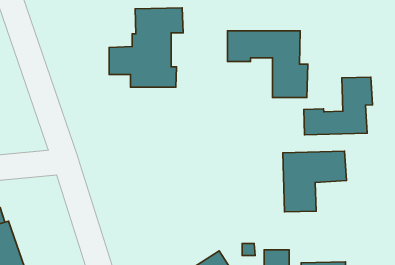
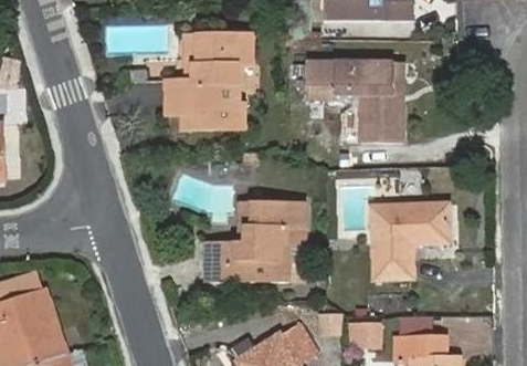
building: [304,77,373,135] -> none
building: none -> [204,201,305,281]

